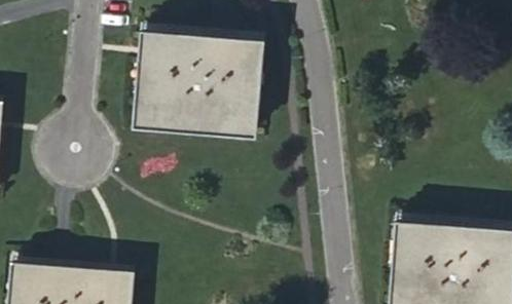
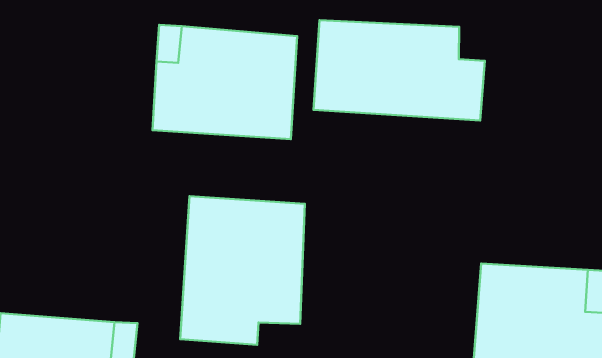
building: none -> [313,20,485,121]
building: none -> [180,196,305,345]

